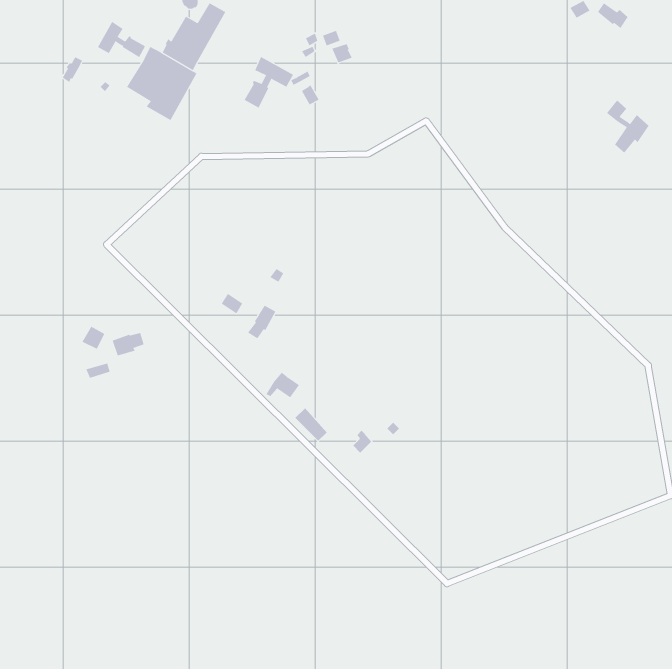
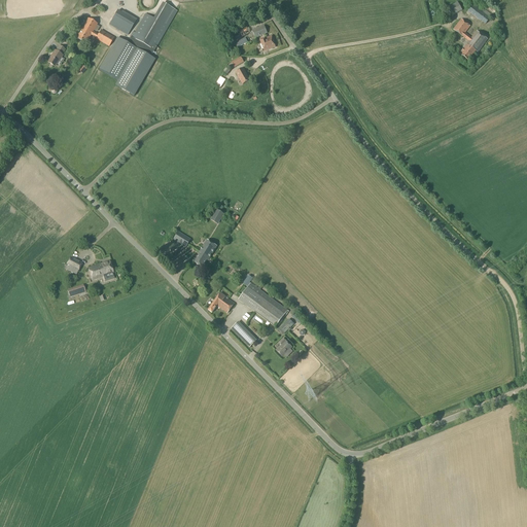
building: none -> [109,8,137,34]
building: [244,56,294,108] -> none
building: [606,100,650,154] -> [453,17,487,60]
building: none -> [238,281,288,325]

